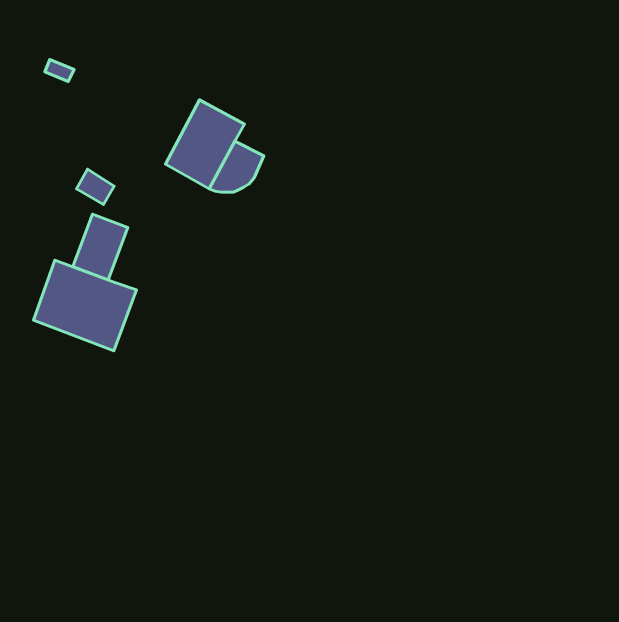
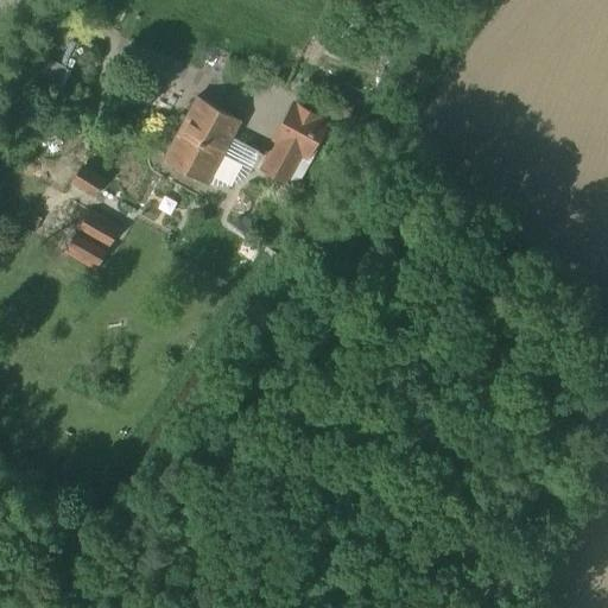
building: none -> [260,103,322,186]
building: [33,260,137,351] -> none

